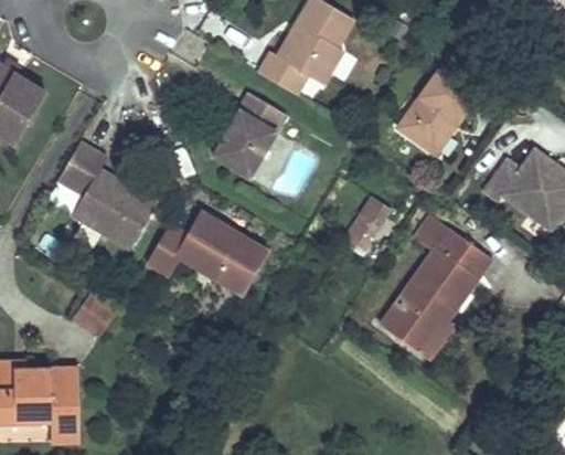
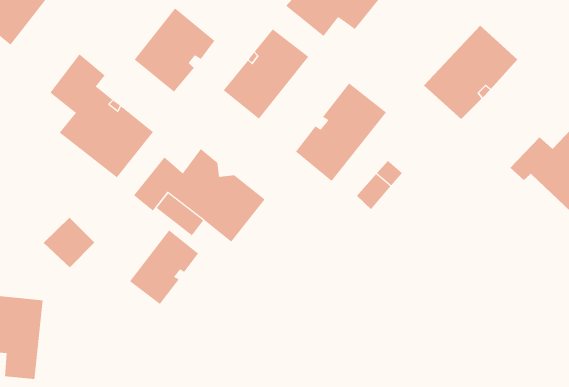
building: none -> [134,8,215,93]
building: none -> [295,83,387,182]
building: [380,229,490,350] -> none
building: none -> [129,230,199,305]

